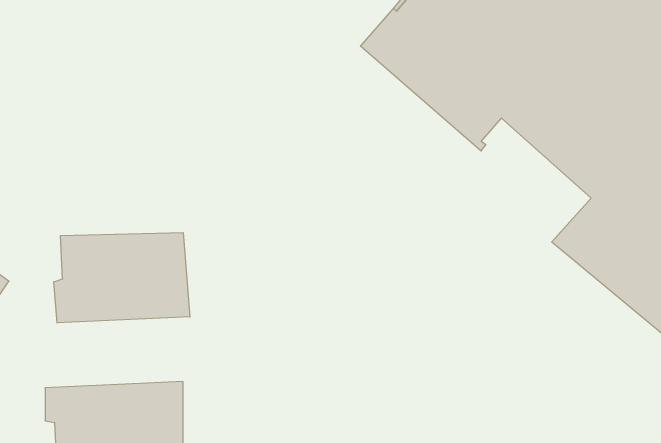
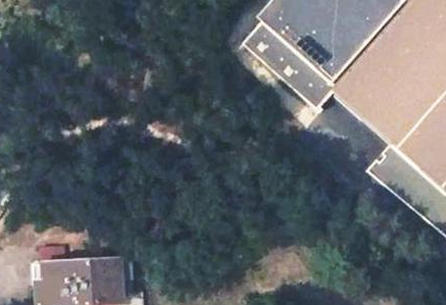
building: [54,233,190,323] -> none

